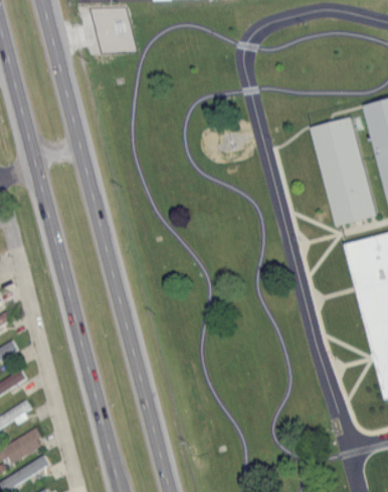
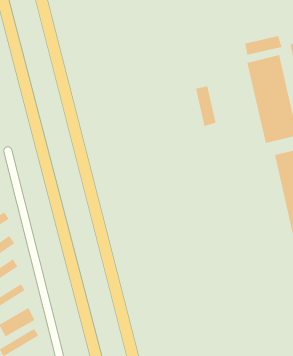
building: none -> [245,35,282,56]
building: none -> [195,86,216,127]

